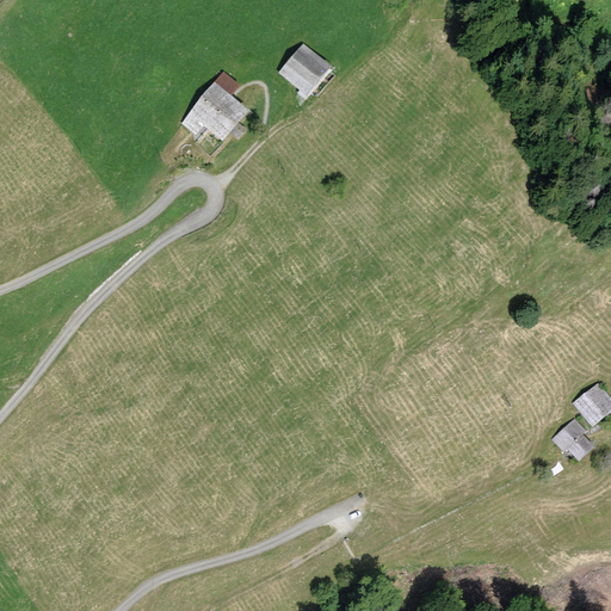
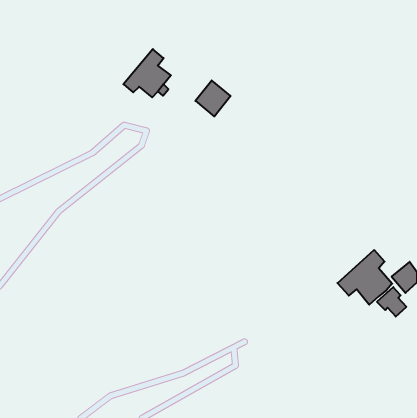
building: [278,43,329,95] -> [195,80,231,116]
building: none -> [337,250,392,305]

